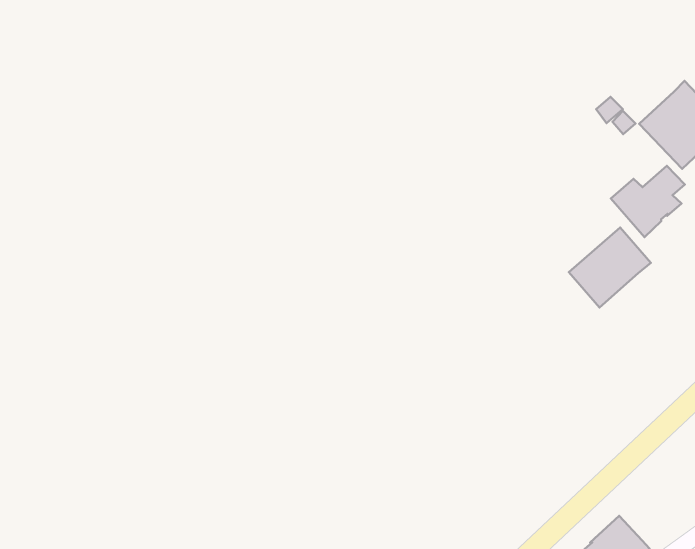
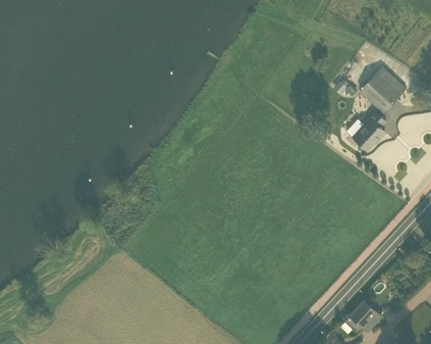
building: [569,228,651,308] -> none

